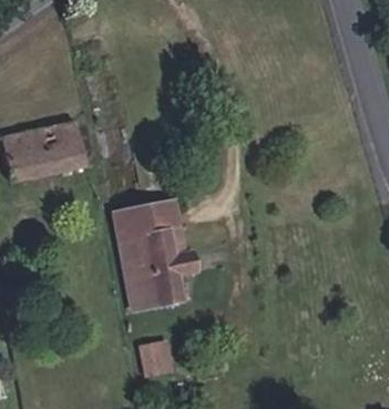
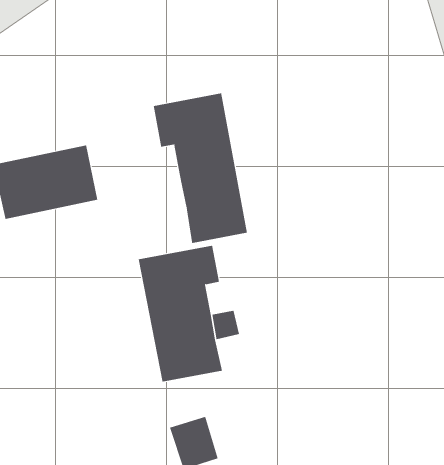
building: none -> [153,92,247,244]

